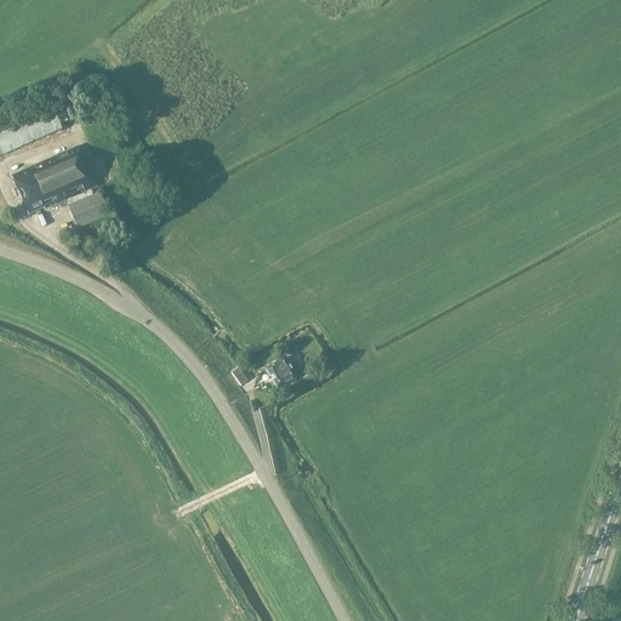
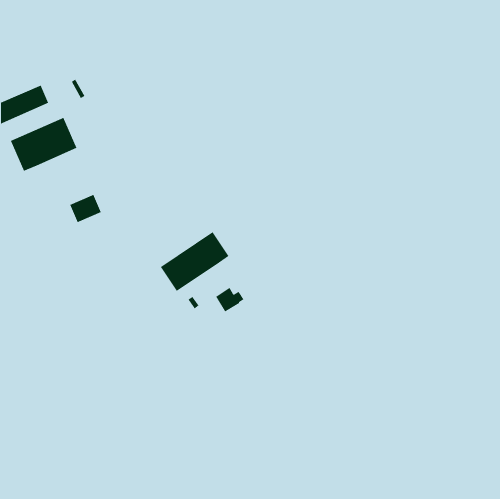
building: [70,189,110,226] -> [69,194,102,223]
building: none -> [160,231,230,292]

